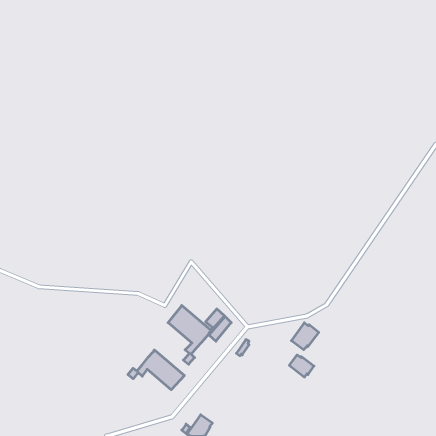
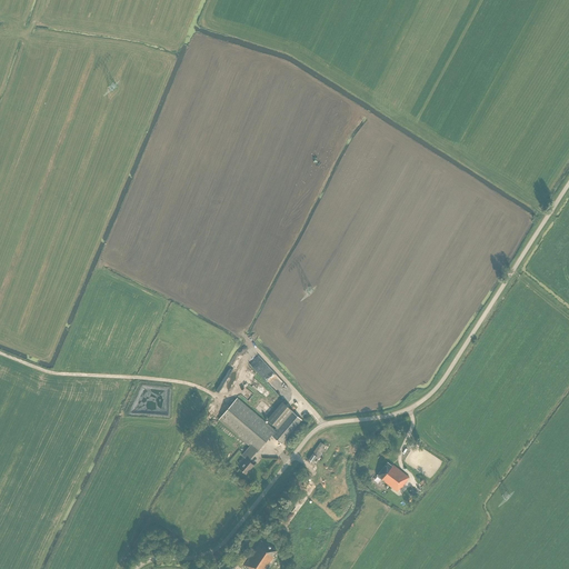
building: [291,323,319,350] -> none
building: [128,350,184,390] -> none

